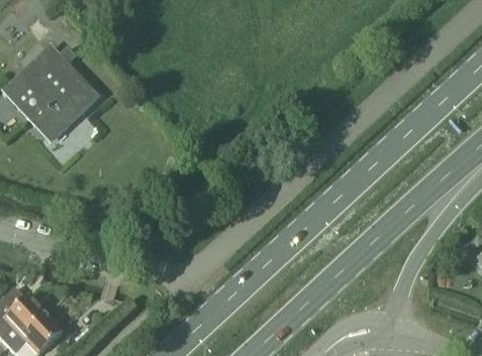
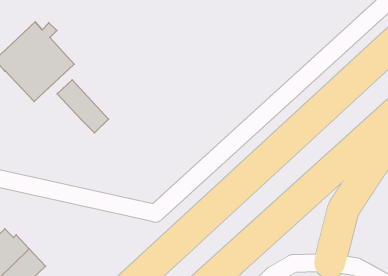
building: none -> [57,80,109,133]

